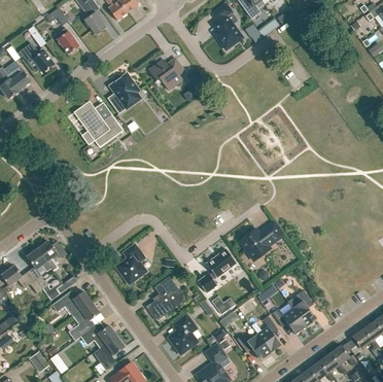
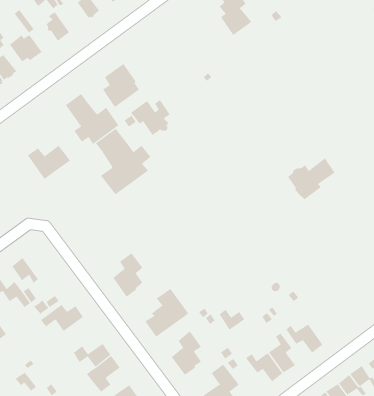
building: [148,58,184,91] -> [130,99,170,136]
building: none -> [95,127,151,195]
building: none -> [27,145,71,180]
building: [239,222,282,261] -> [287,157,335,200]
building: [36,241,66,272] -> none
building: [198,249,236,292] -> none
building: [287,289,316,326] -> none
building: [70,302,99,340] -> none

